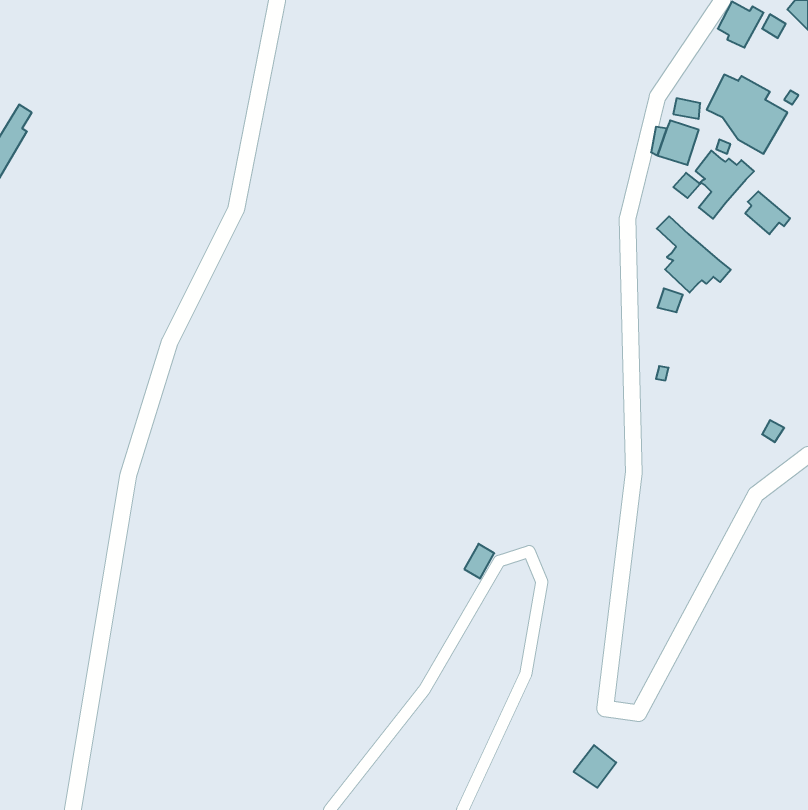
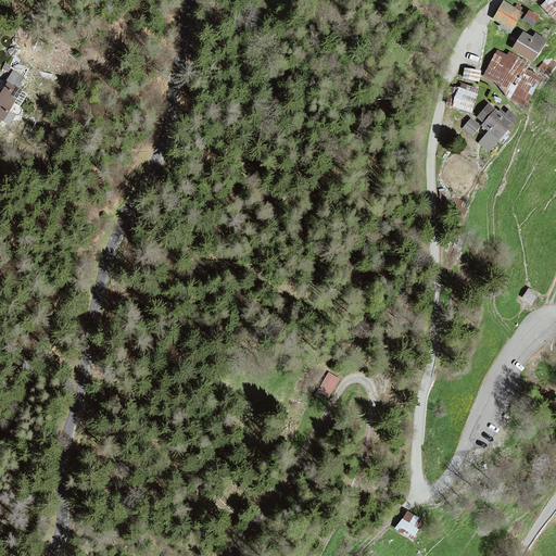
building: none -> [513,31,545,61]
building: [745,191,790,234] -> none
building: [657,216,731,293] -> none

